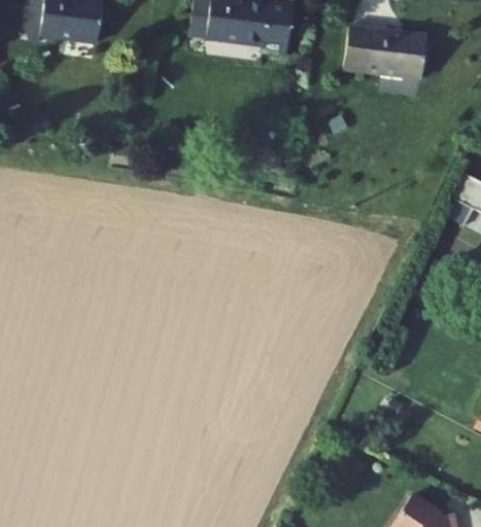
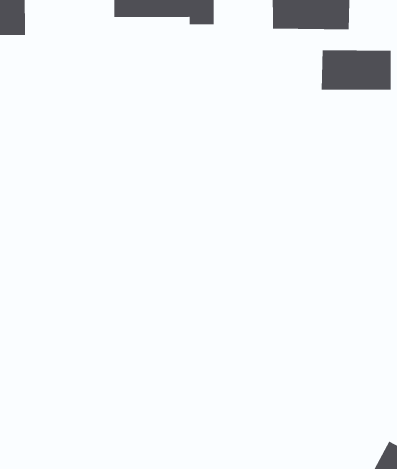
building: none -> [321,50,391,91]

